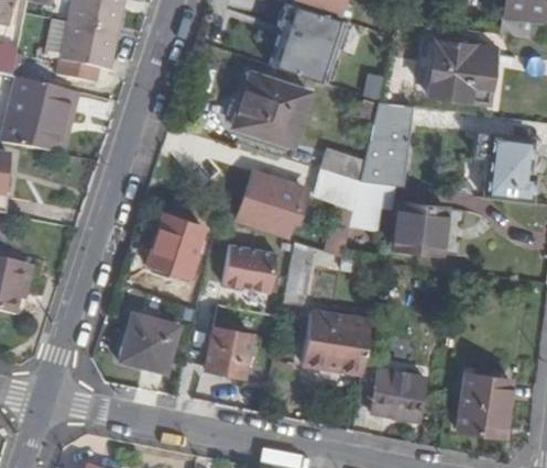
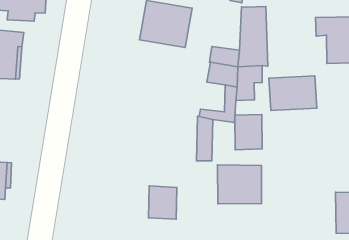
building: [238,170,305,235] -> none
building: [147,213,203,279] -> none
building: [220,239,277,290] -> none
building: none -> [235,114,262,150]
building: [118,312,179,372] -> none
building: [371,368,427,422] -> none

